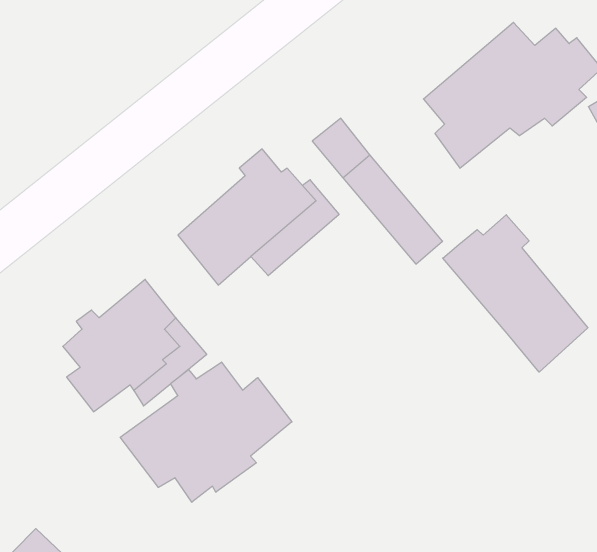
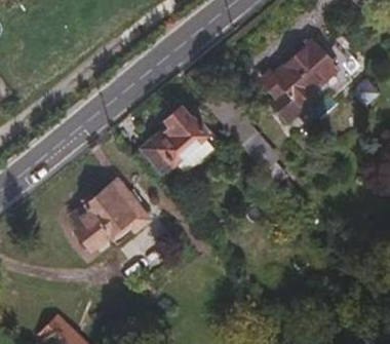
building: [443,215,588,372] -> none
building: [120,362,292,502] -> none

